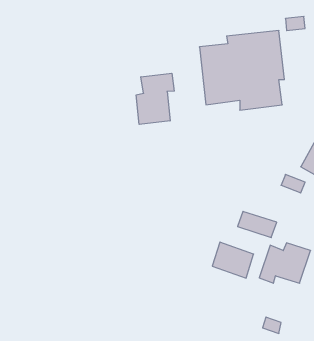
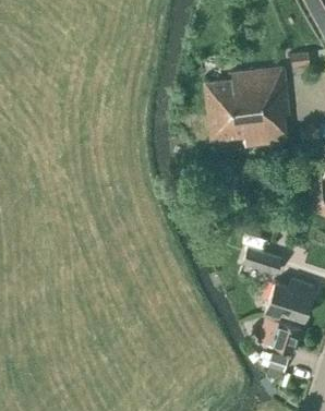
building: [136,73,174,124] -> none
building: [212,242,254,278] -> [260,318,301,354]

